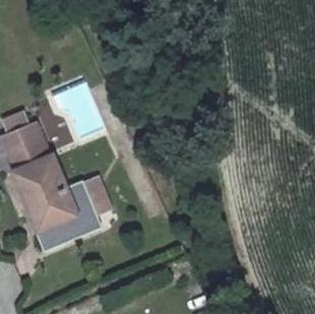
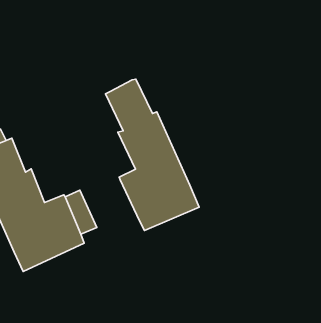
building: none -> [105,79,199,231]

